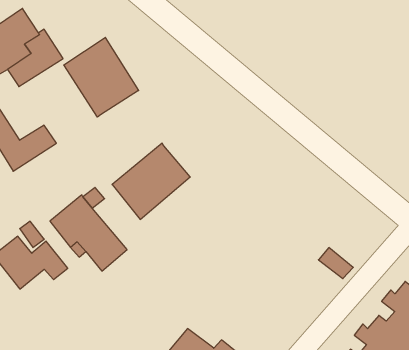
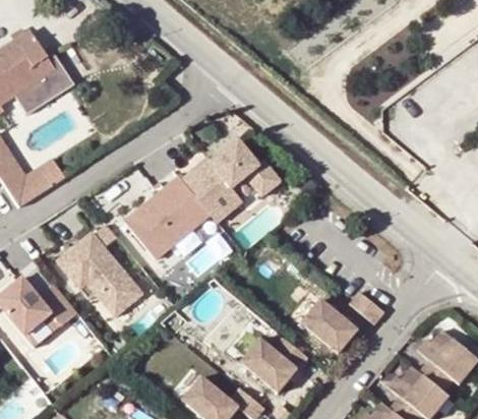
building: [64,37,139,117] -> none
building: none -> [180,139,279,222]
building: none -> [299,301,359,357]
building: none -> [240,339,310,396]

